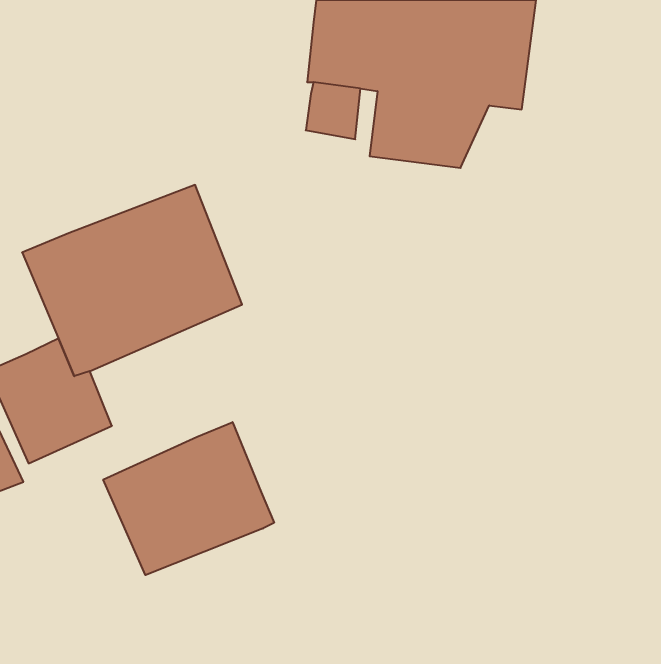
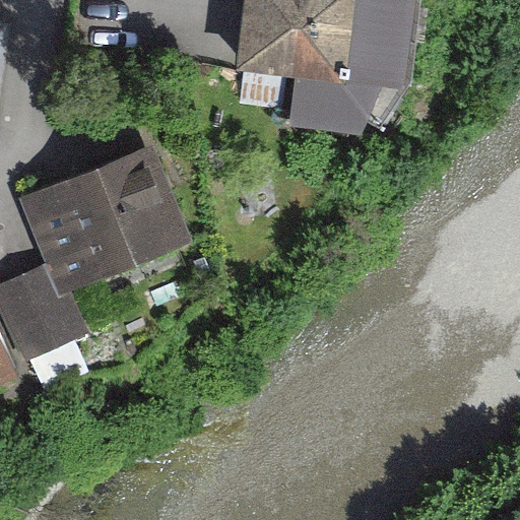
building: [103,422,274,575] -> none

